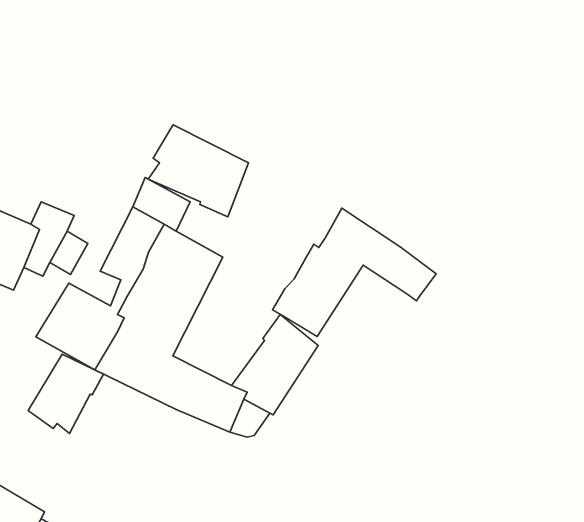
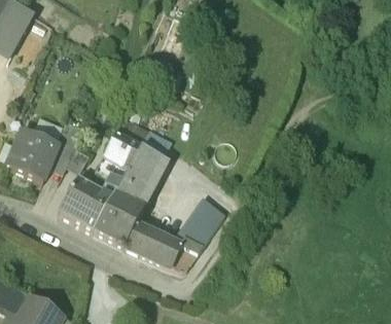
building: [148,125,249,217] -> none
building: [272,208,436,336] -> none
building: [28,354,104,434] -> none

